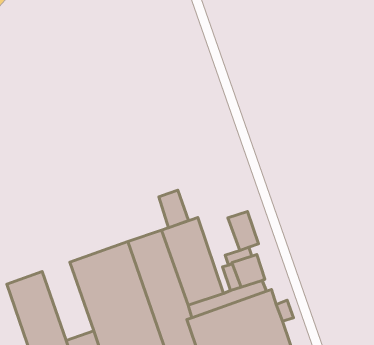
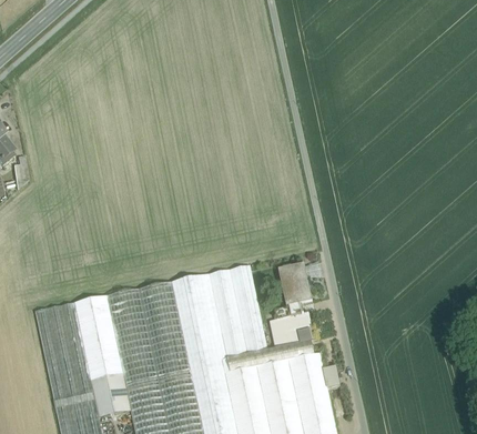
building: [159,190,189,228] -> none
building: none -> [74,296,122,381]

